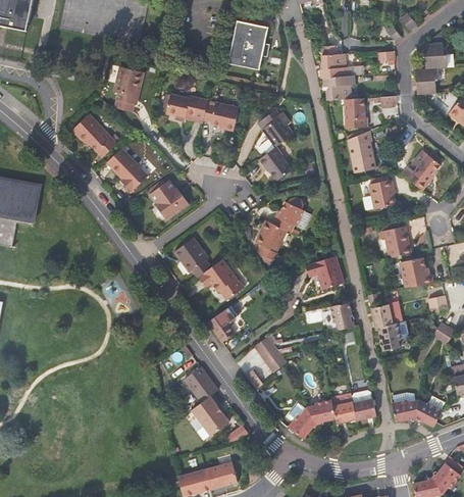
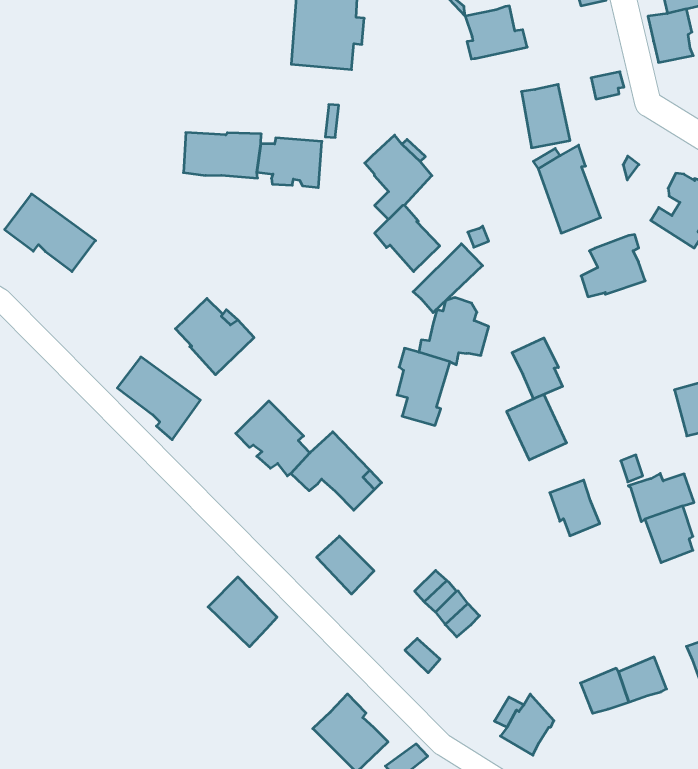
building: [113,65,144,103] -> none
building: [323,73,355,98] -> none
building: [106,146,148,191] -> [117,357,200,440]
building: none -> [413,244,483,313]
building: [377,223,410,256] -> none
building: none -> [512,338,563,399]
building: [184,364,218,401] -> [208,577,277,647]
building: [306,397,336,421] -> none

